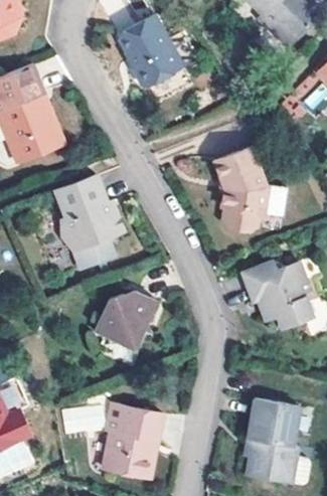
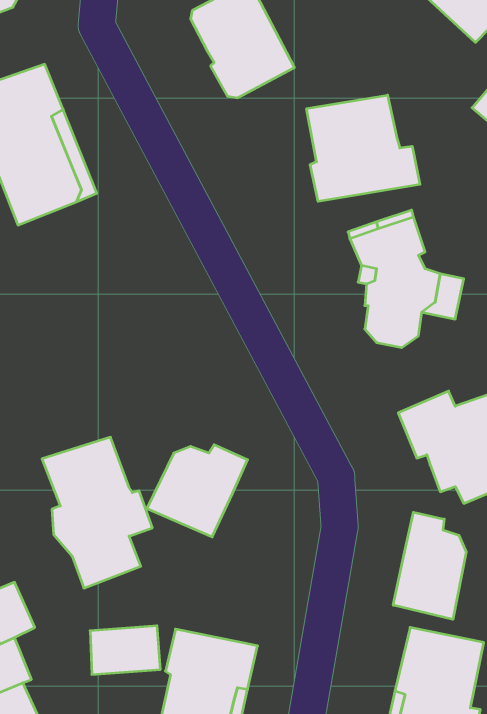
building: none -> [307,95,420,201]
building: [54,177,121,268] -> [42,437,152,588]
building: none -> [393,512,466,619]

